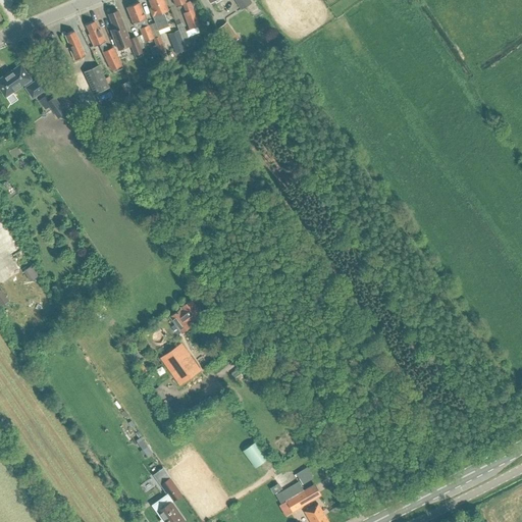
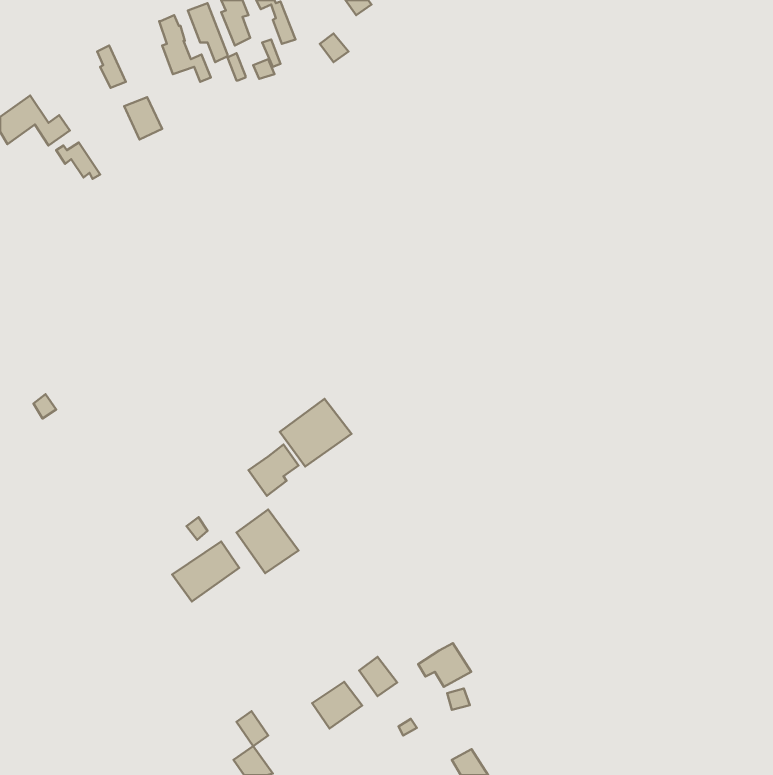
building: [88,21,121,70] -> none
building: none -> [280,399,351,466]
building: none -> [172,541,239,601]
building: none -> [312,682,362,728]
building: [275,481,311,511] -> [418,643,471,687]

